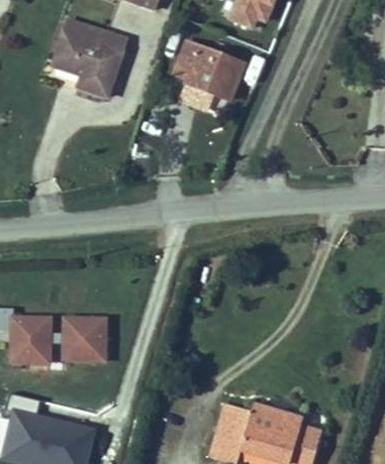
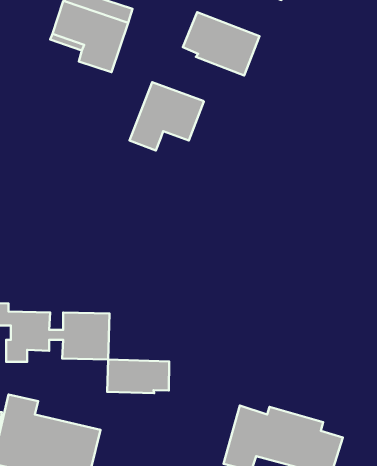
building: none -> [130,82,204,151]
building: none -> [107,359,169,393]

